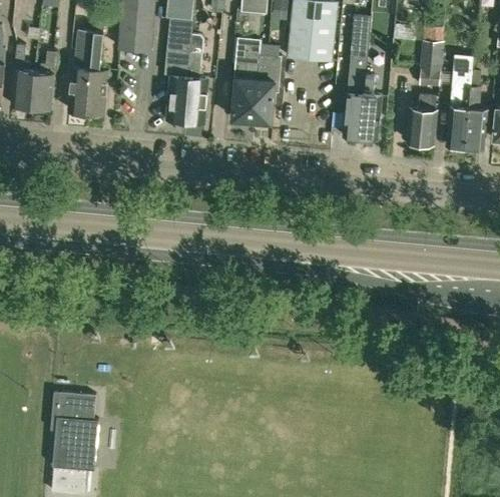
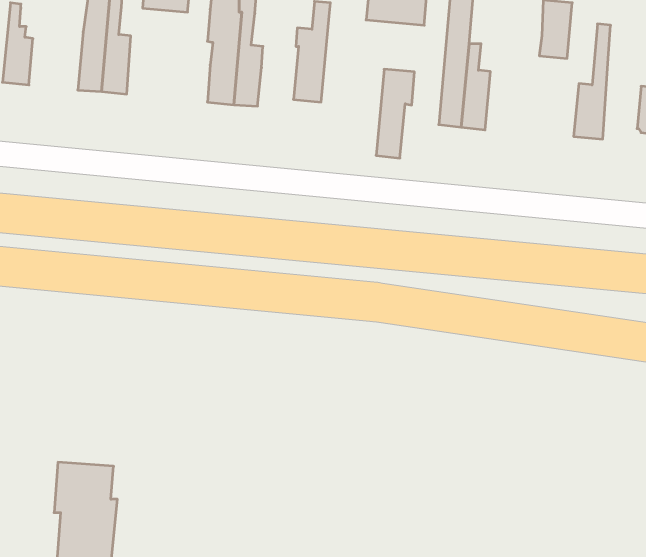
building: [31,52,58,108] -> none
building: [253,55,282,122] -> [376,69,414,158]
building: [466,87,487,150] -> none
building: [405,95,436,145] -> none

